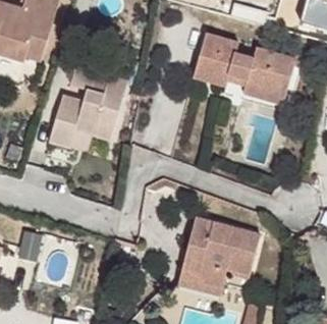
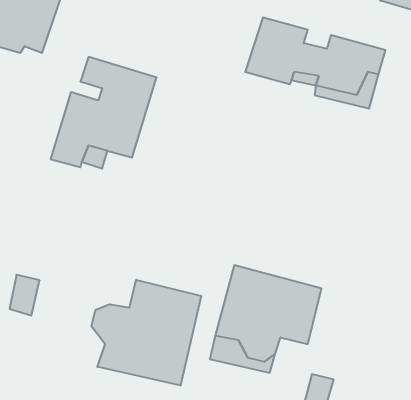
building: none -> [92,280,201,386]

